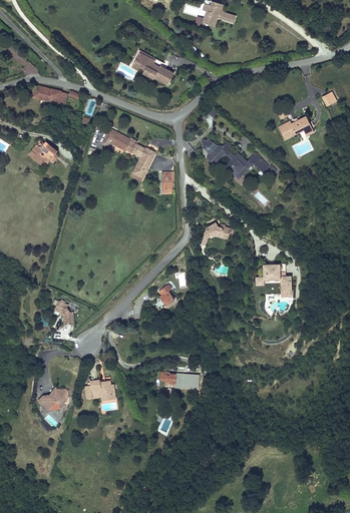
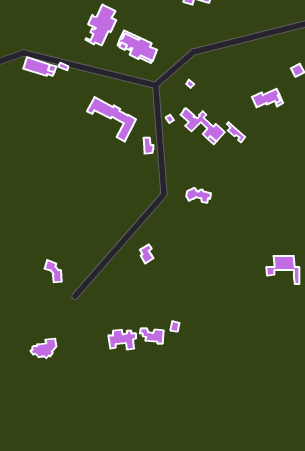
building: none -> [86,4,116,45]
building: [31,138,57,162] -> none
building: [256,267,292,297] -> [266,256,299,284]
building: [84,378,114,399] -> [108,330,136,349]

